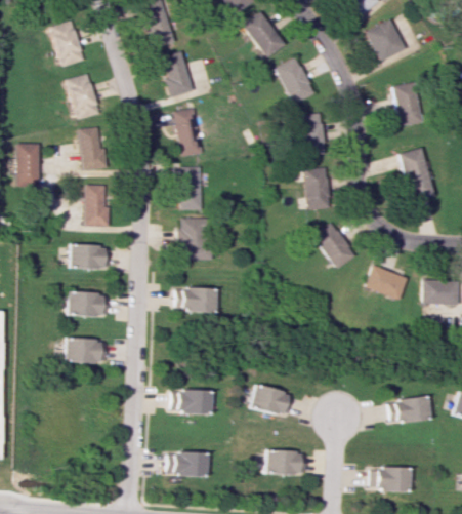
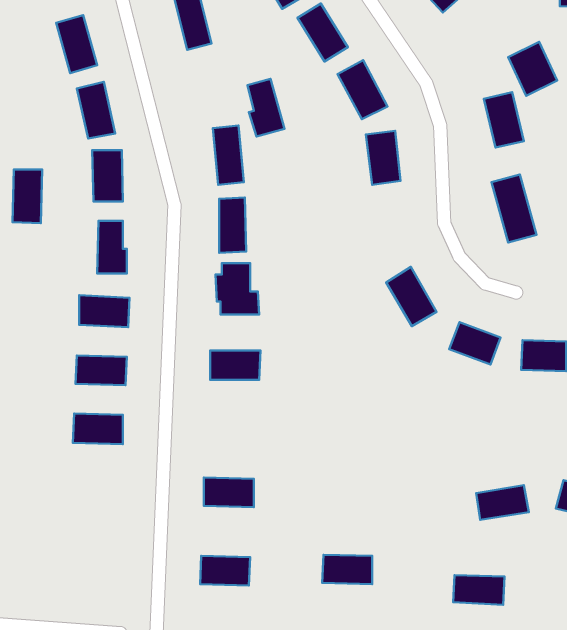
building: [367,17,406,61] -> [508,42,557,96]
building: [164,50,194,96] -> [247,79,285,137]
building: [306,167,329,208] -> none
building: [248,384,292,416] -> none

